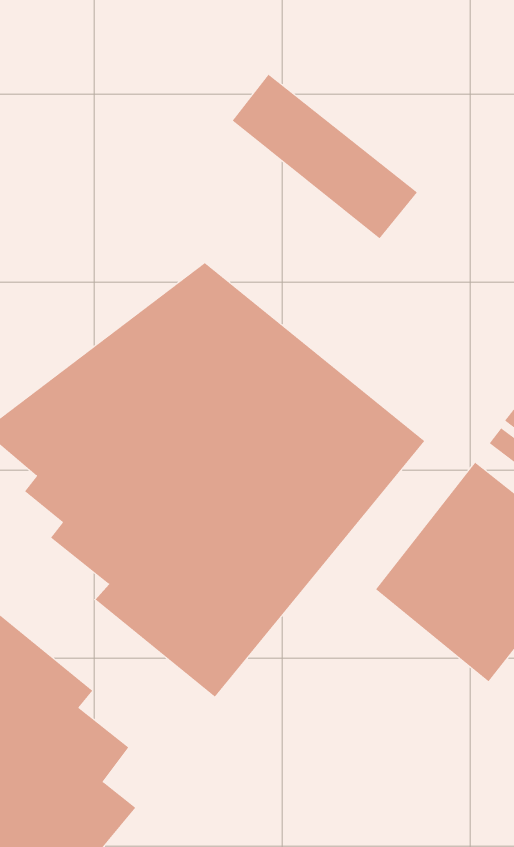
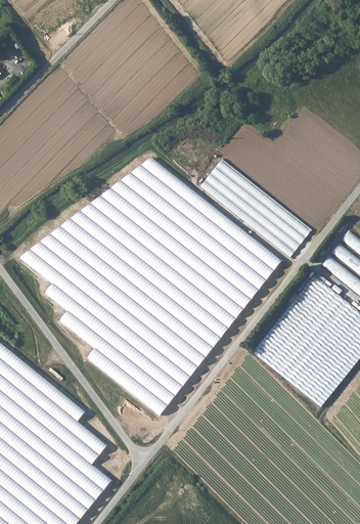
building: [232,74,418,239] -> [198,159,309,257]

